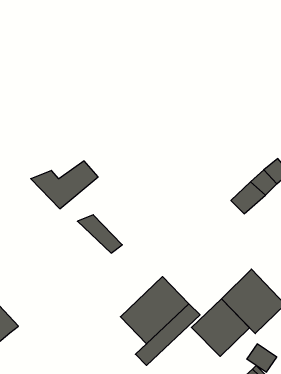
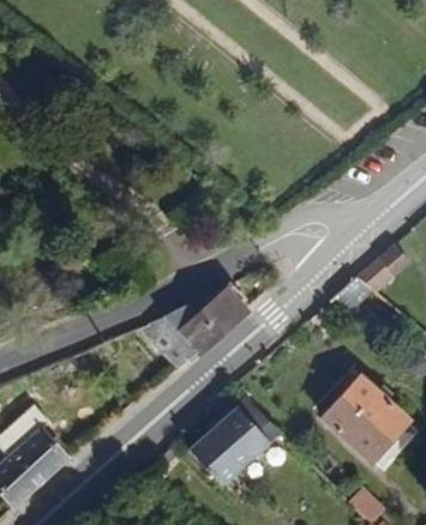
building: [31,161,98,209] -> [156,294,242,355]
building: [191,299,249,356] -> none

